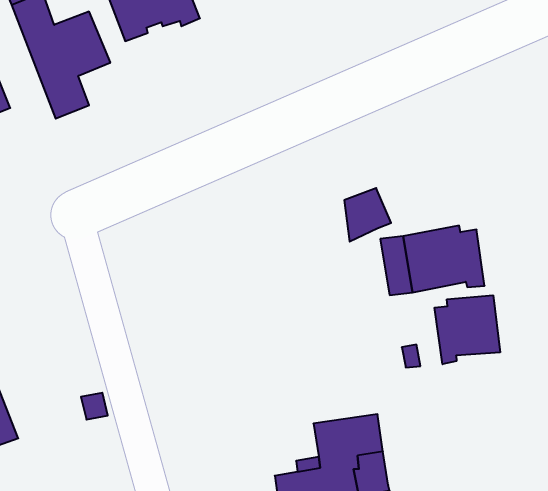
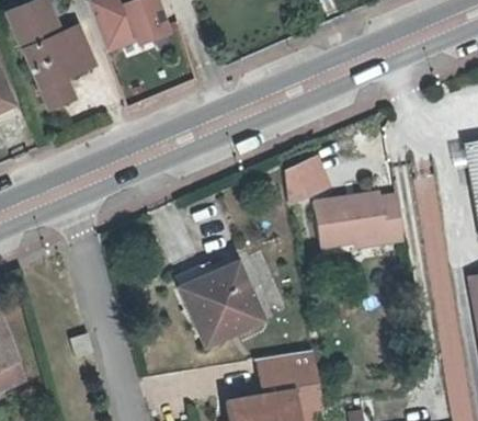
building: [435,295,500,364] -> none
building: none -> [174,261,265,345]

